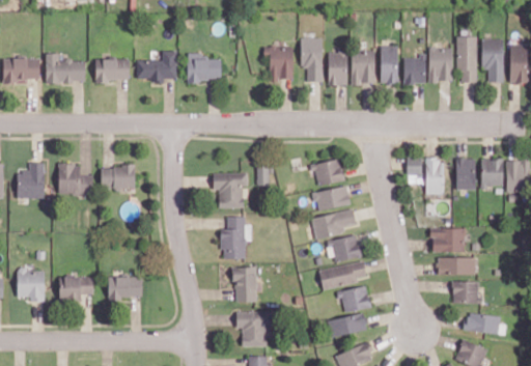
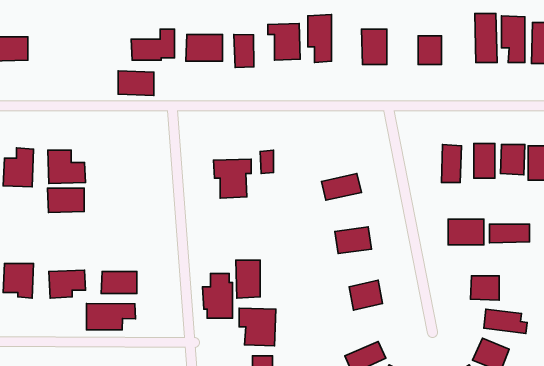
building: [380,46,398,83] -> none
building: [428,48,452,82] -> none
building: [328,52,347,85] -> none
building: [46,53,86,83] -> none
building: none -> [234,34,254,68]
building: [95,58,129,81] -> [118,71,154,95]
building: [407,159,423,184] -> none
building: [313,160,344,185] -> none
building: [101,166,135,189] -> [47,188,84,213]
building: [311,208,356,240] -> none
building: [220,217,248,258] -> [203,274,233,318]
building: [438,257,475,275] -> [490,224,530,243]
building: [318,260,366,290] -> none
building: none -> [87,303,135,330]
building: [327,312,367,338] -> none

